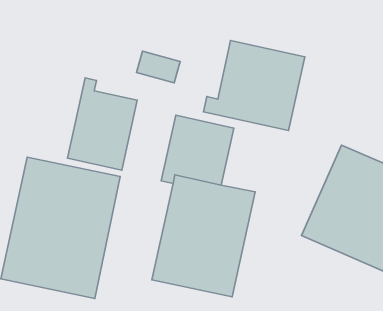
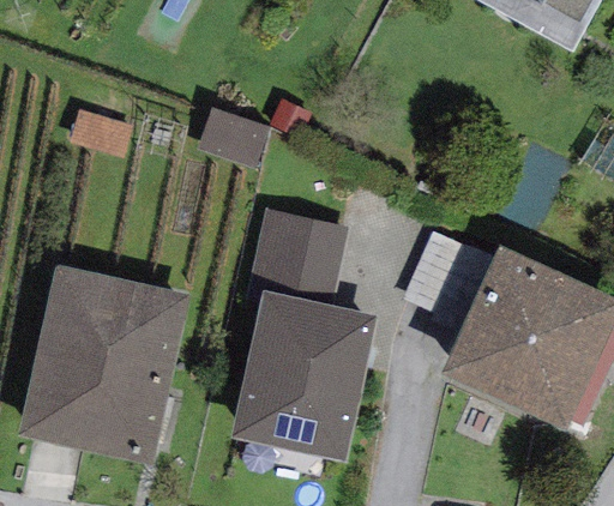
building: [203,41,305,131] -> none
building: [68,78,137,170] -> none

